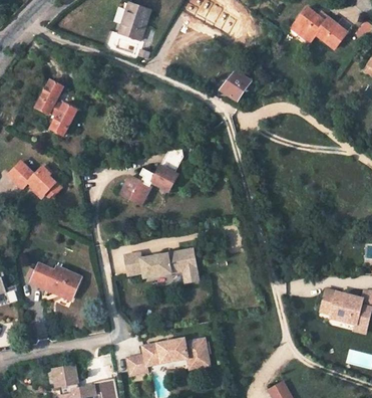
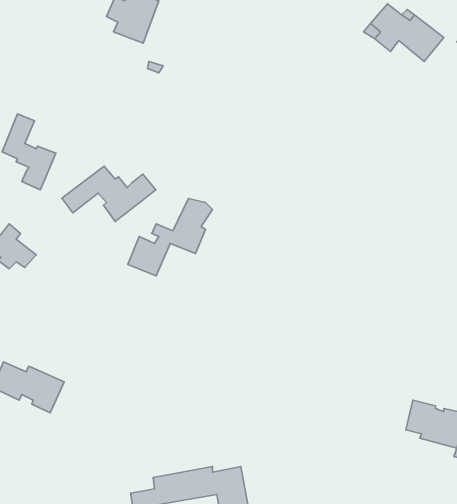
building: [224,70,256,97] -> none
building: none -> [62,166,156,221]
building: [124,251,199,281] -> none

